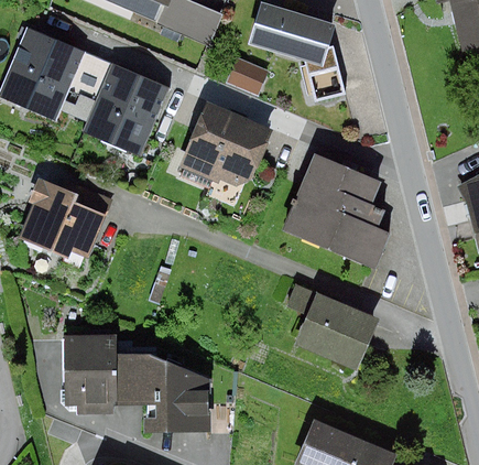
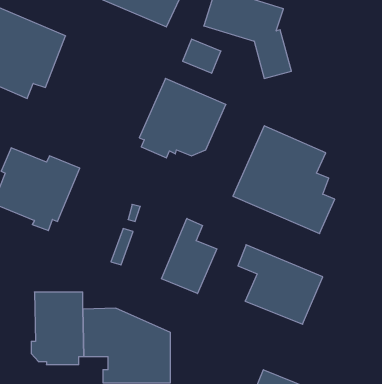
building: [76,55,173,160] -> none
building: none -> [162,218,217,294]

